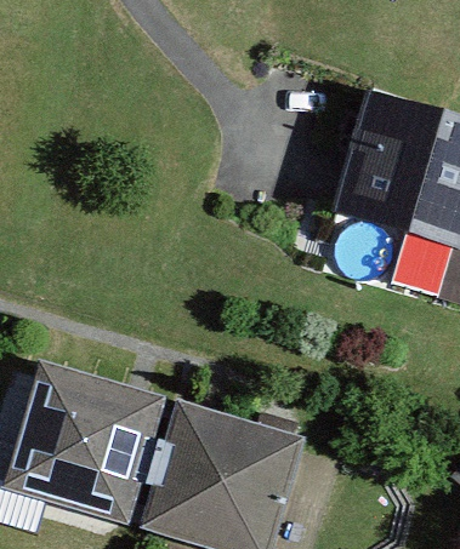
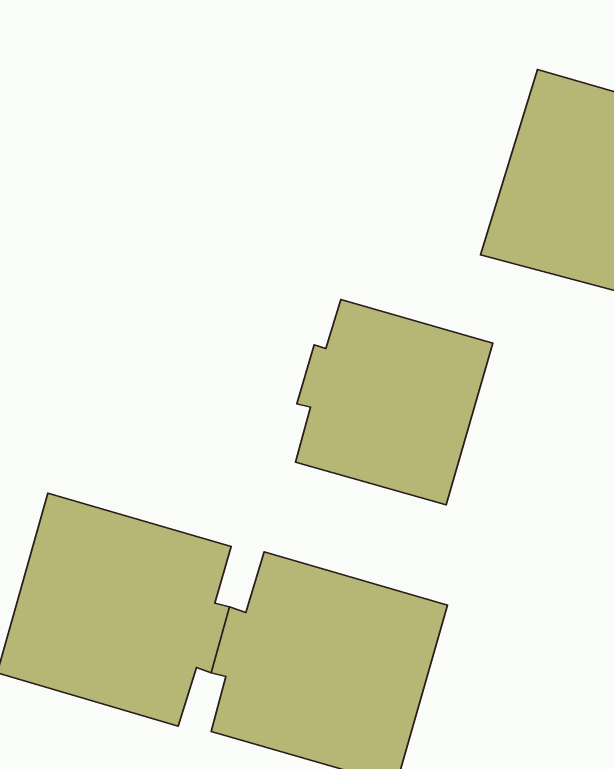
building: none -> [296,300,493,505]

